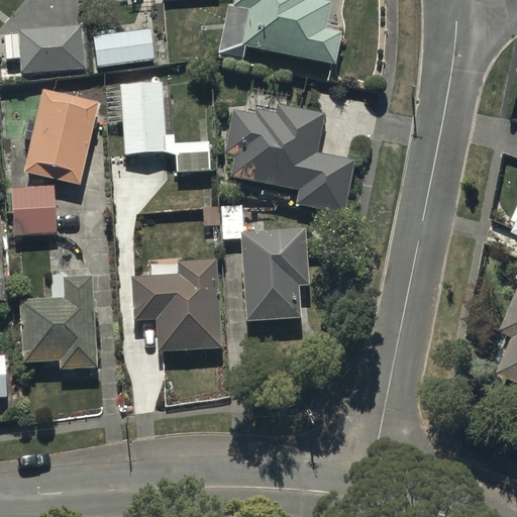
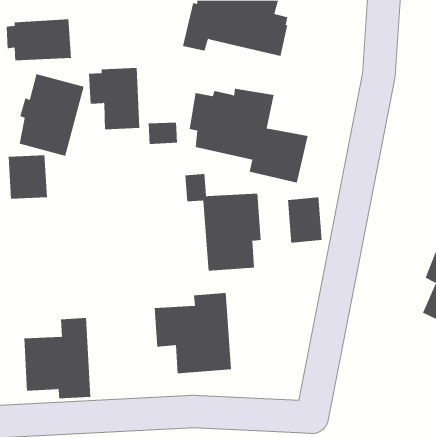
building: [93,28,154,65] -> none
building: none -> [288,197,322,243]
building: [130,256,222,352] -> [154,293,232,374]
building: [18,274,98,370] -> [24,318,91,399]

